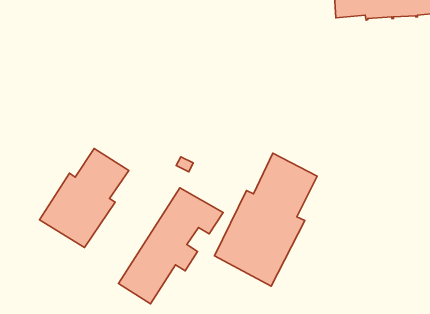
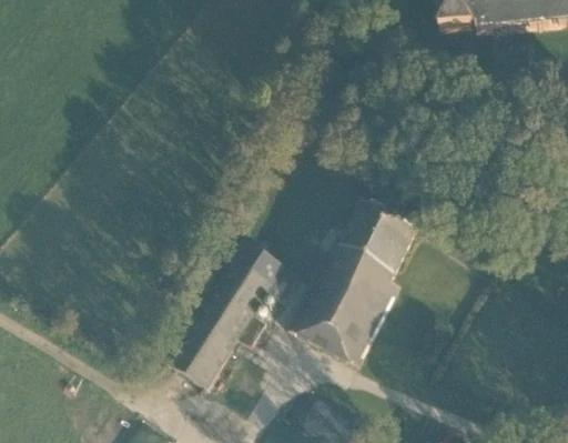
building: [40,149,129,248] -> none

